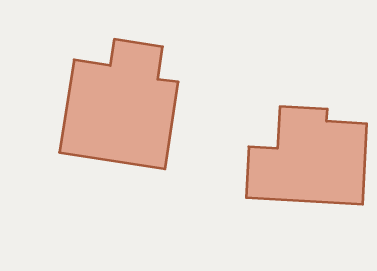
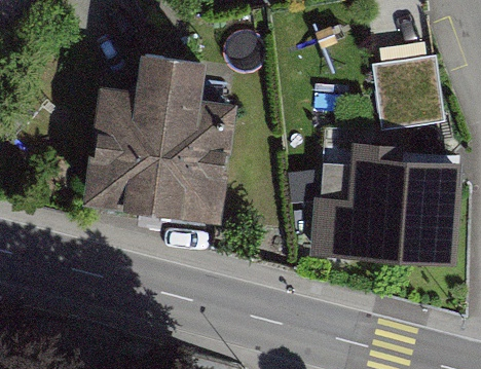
building: none -> [371,49,443,121]

